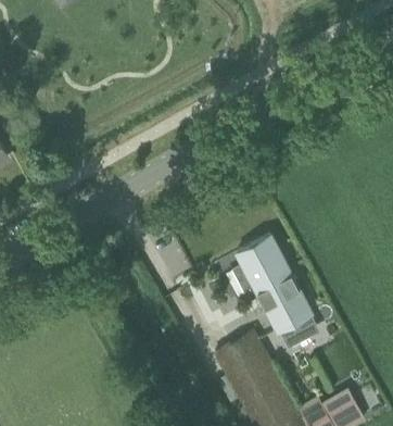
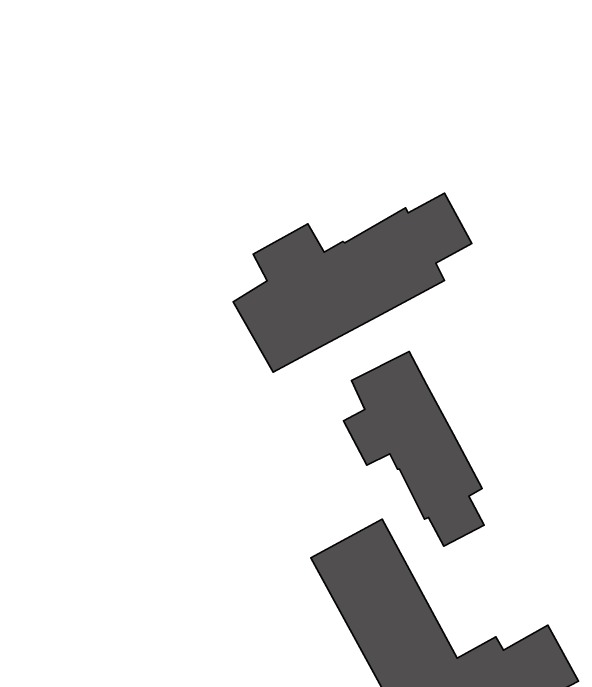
building: none -> [233,193,472,372]

